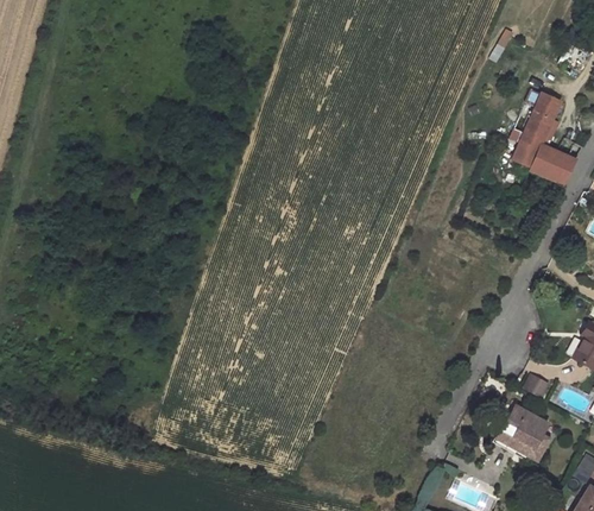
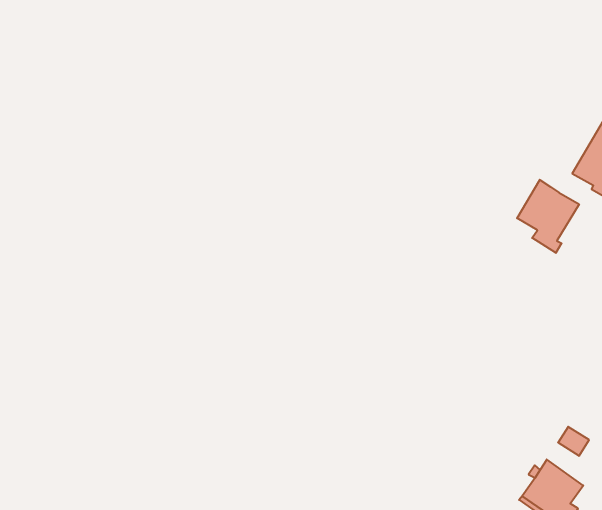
building: none -> [517,180,579,253]

